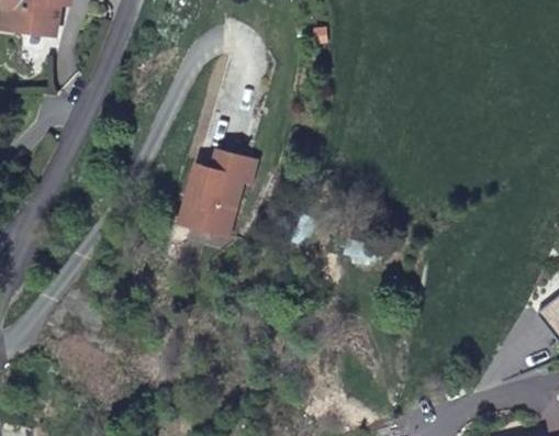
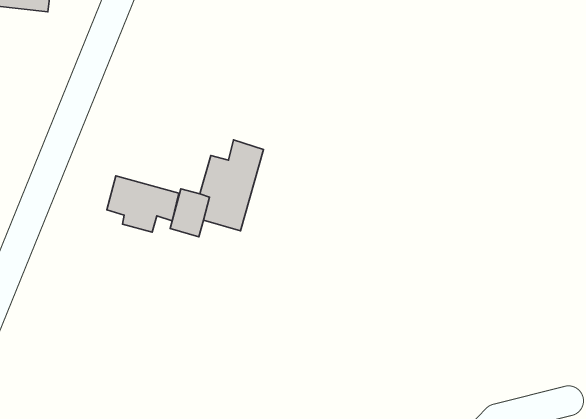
building: none -> [107,176,179,232]

